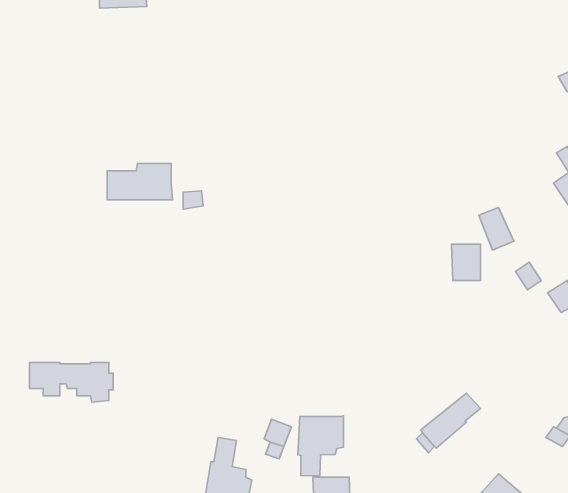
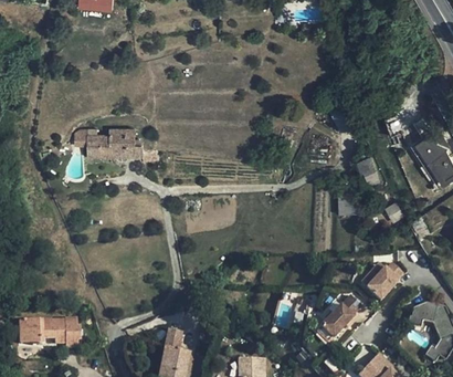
building: none -> [367,266,405,303]
building: [30,362,113,402] -> [20,317,81,346]
building: [298,416,344,476] -> none

